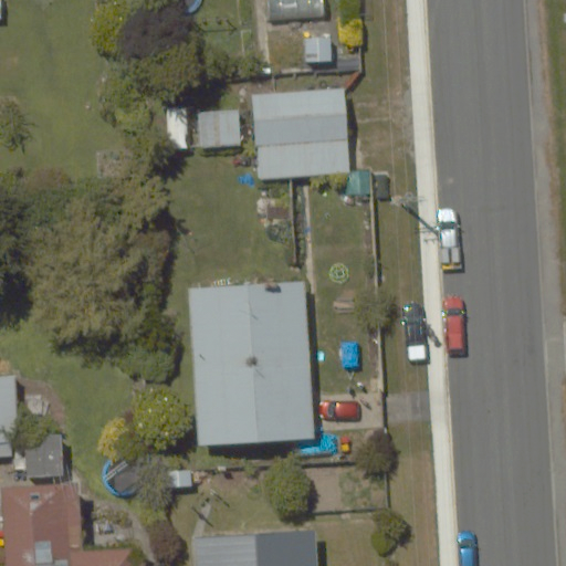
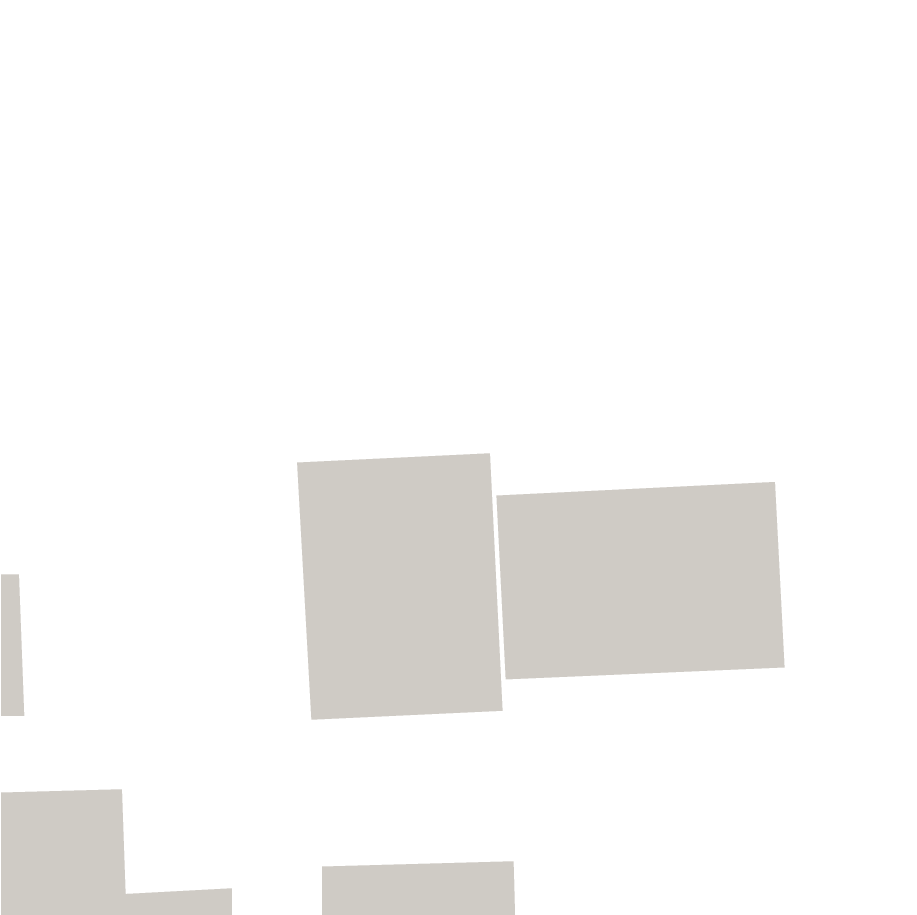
building: [169,88,352,179] -> none
building: none -> [496,481,785,680]

